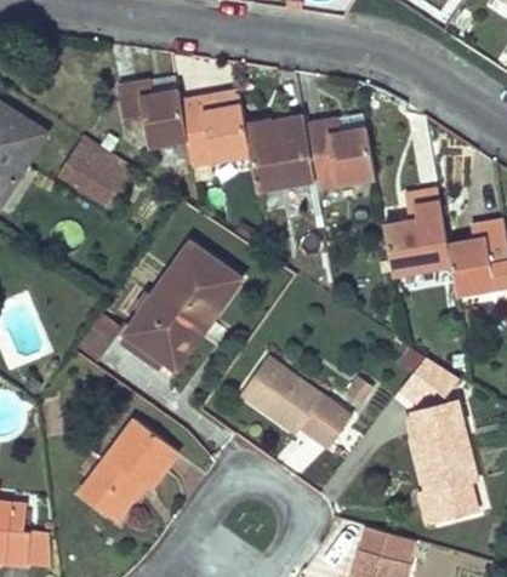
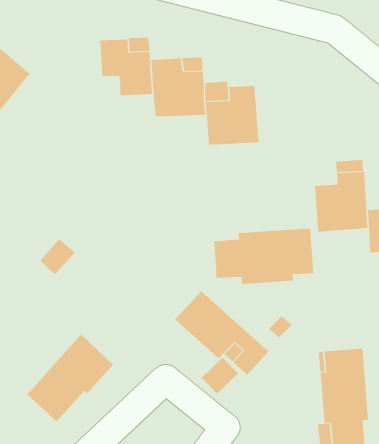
building: [304,119,375,188] -> none
building: [58,135,133,205] -> none
building: [123,245,241,376] -> none
building: none -> [214,228,314,285]
building: [398,356,458,404] -> none

